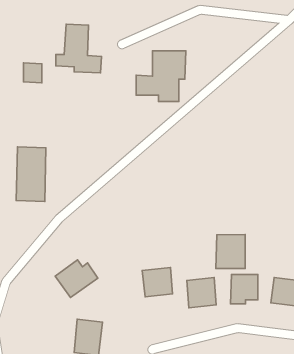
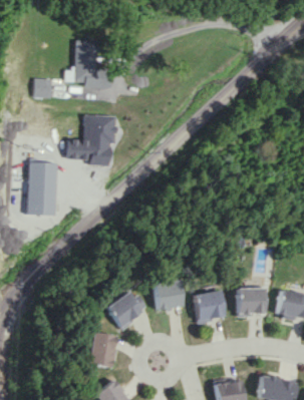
building: [136,51,186,101] -> [67,115,116,165]
building: [216,235,245,269] -> none
building: [55,260,98,297] -> [102,291,144,328]

